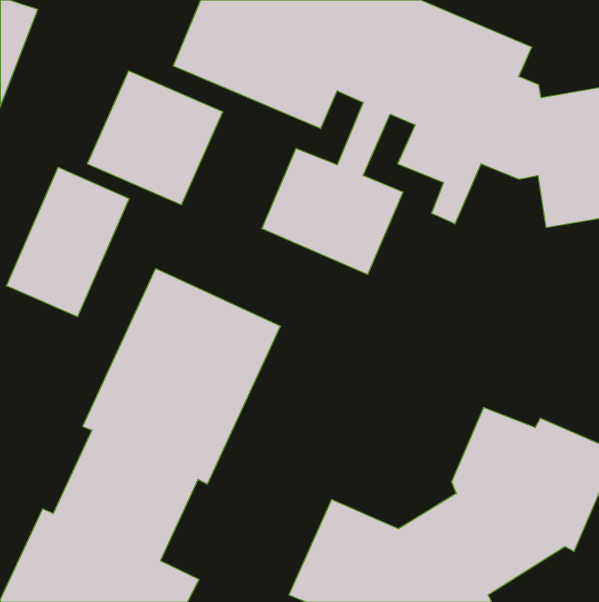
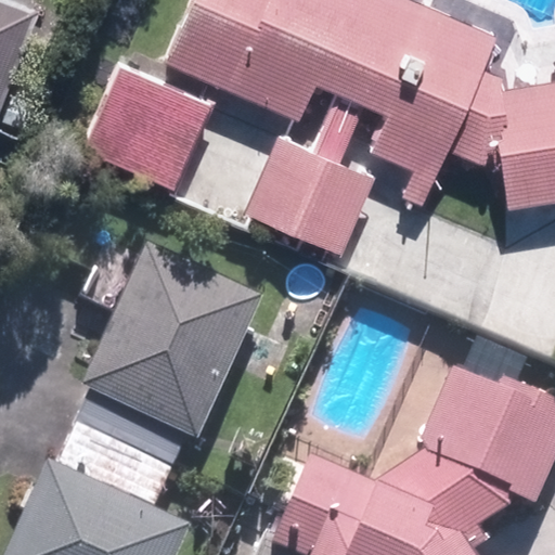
building: [6,167,129,317] -> none

